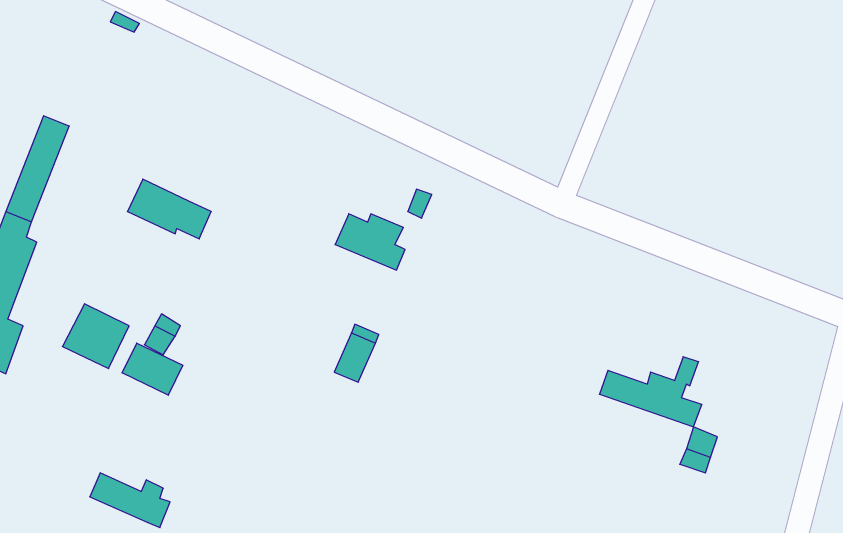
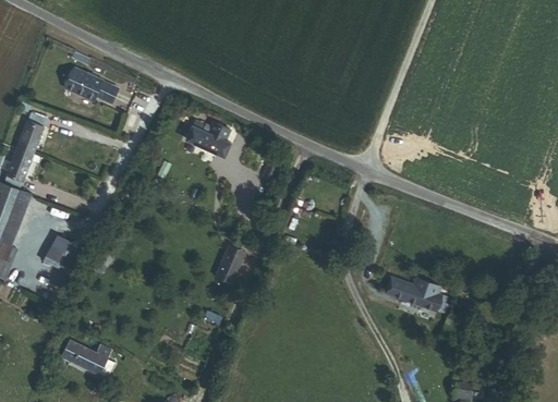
building: [127,179,211,239] -> [63,65,117,103]
building: [335,214,405,270] -> [184,121,229,157]
building: [122,343,183,395] -> none

